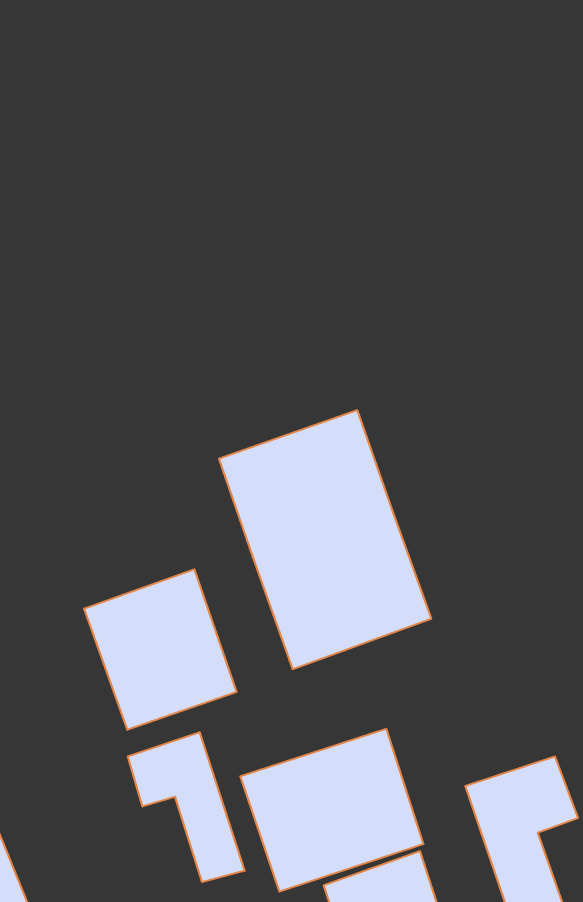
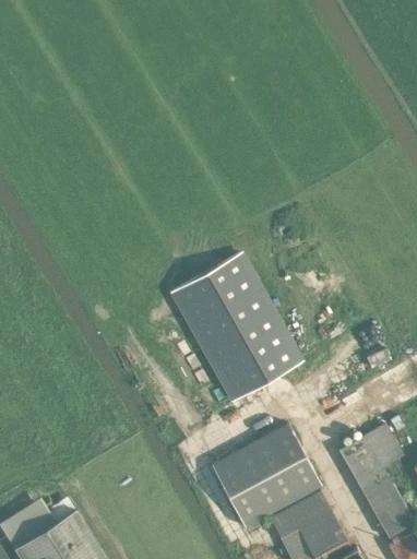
building: [84,569,237,730] -> none
building: [128,732,245,882] -> none

